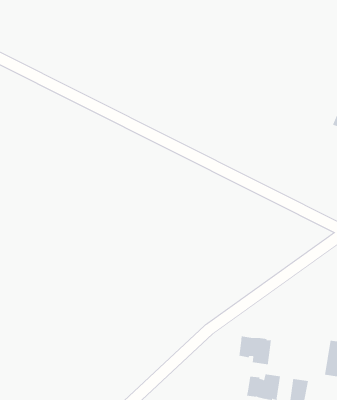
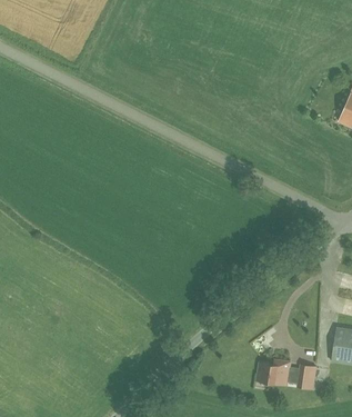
building: [239,335,272,365] -> none

